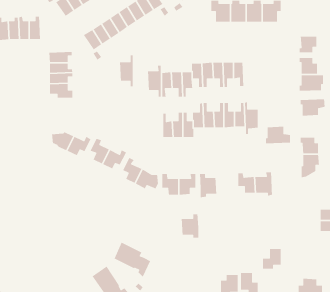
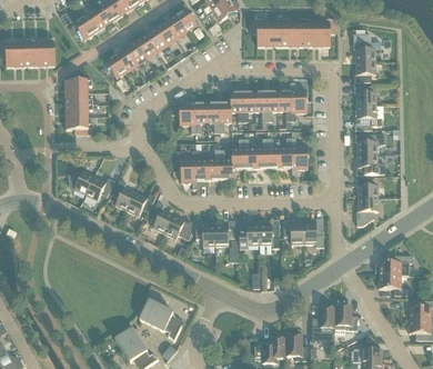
building: none -> [353,42,381,62]
building: none -> [290,83,306,121]
building: [119,55,134,87] -> [180,151,197,189]
building: [265,126,291,144] -> [355,154,385,176]
building: [181,213,199,238] -> [259,220,280,249]
building: none -> [335,306,358,333]

